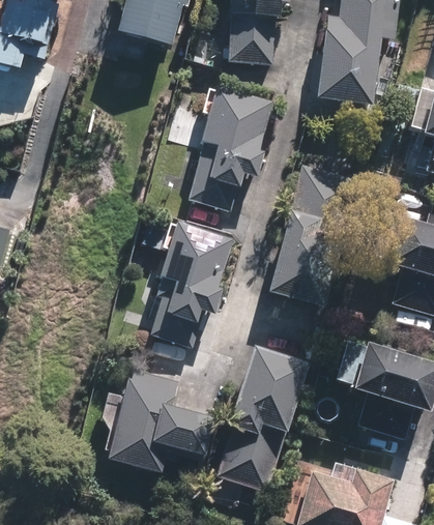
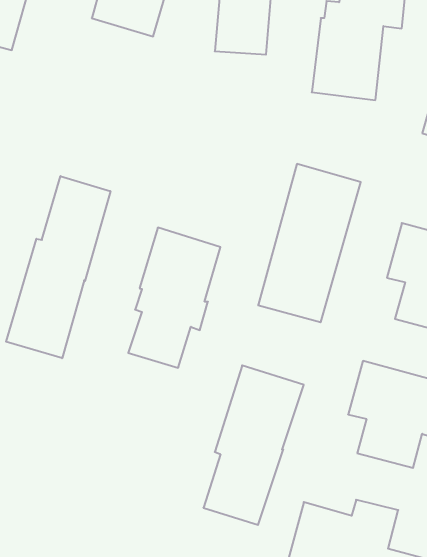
building: [187,85,273,210] -> none
building: none -> [6,176,110,358]
building: [106,369,214,473] -> none

